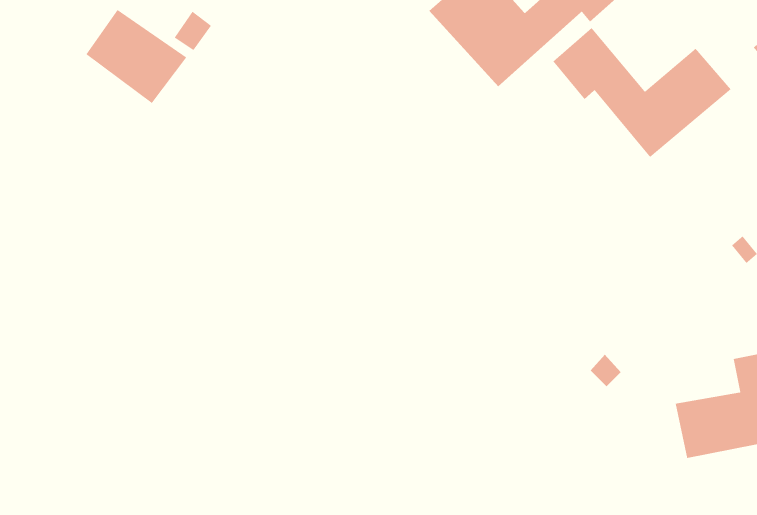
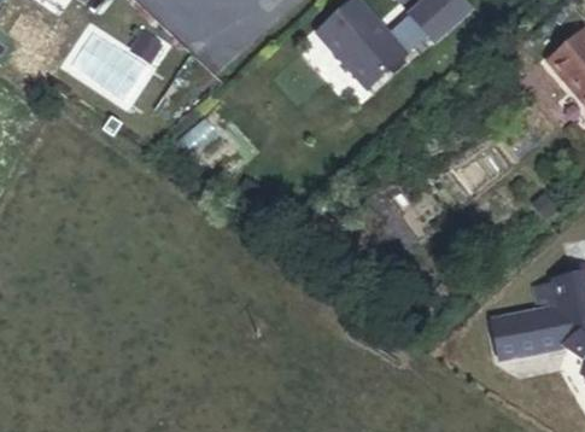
building: [552,27,731,158] -> none

